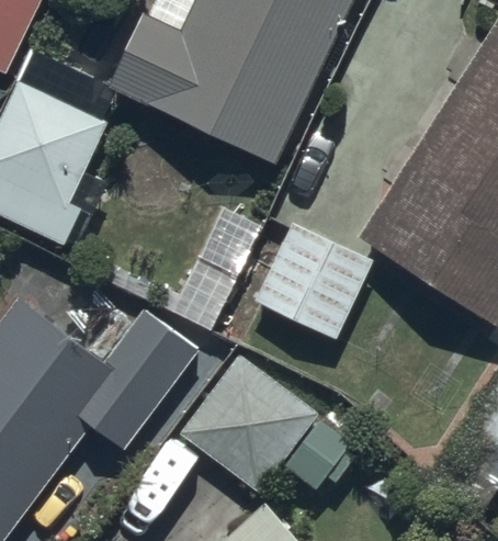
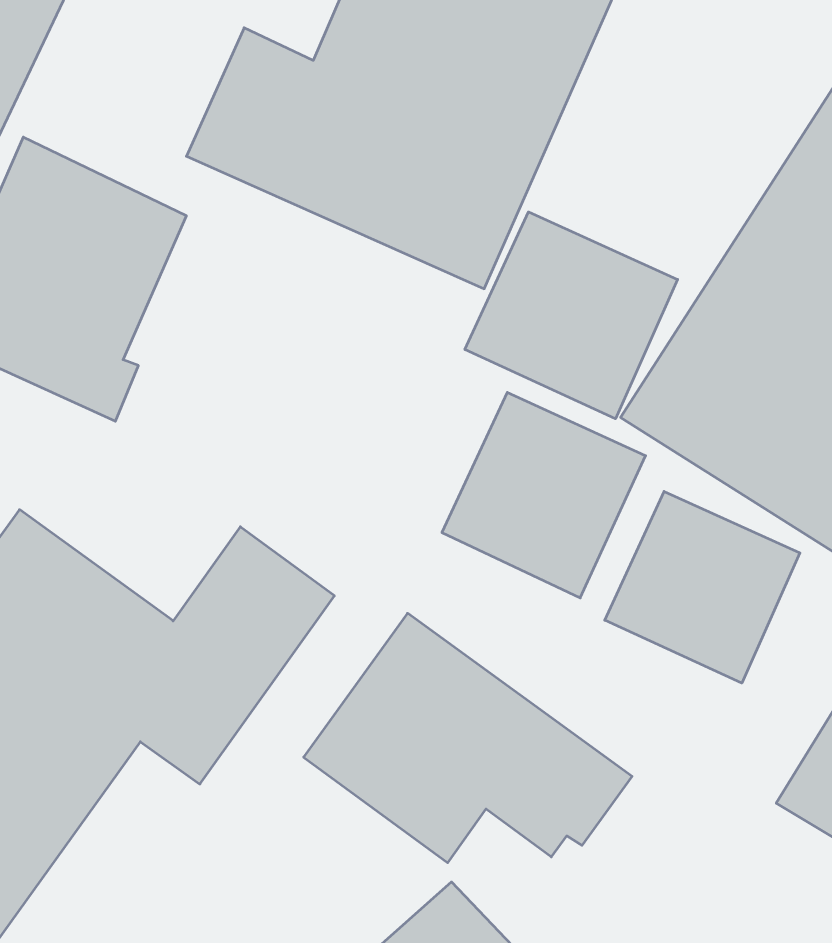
building: none -> [465,212,678,419]
building: none -> [605,491,800,683]

